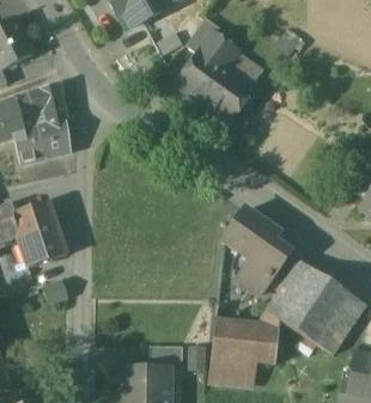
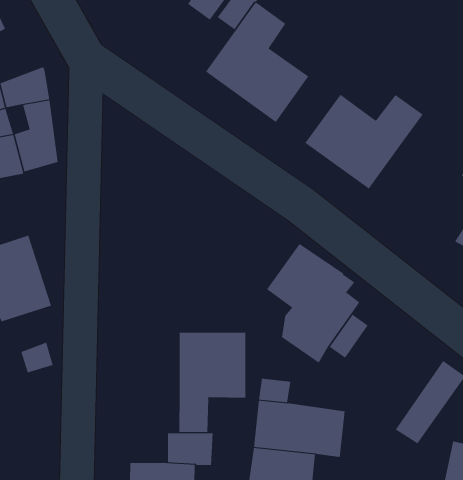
building: none -> [305,94,423,190]
building: [278,267,349,342] -> none
building: none -> [179,332,246,433]

